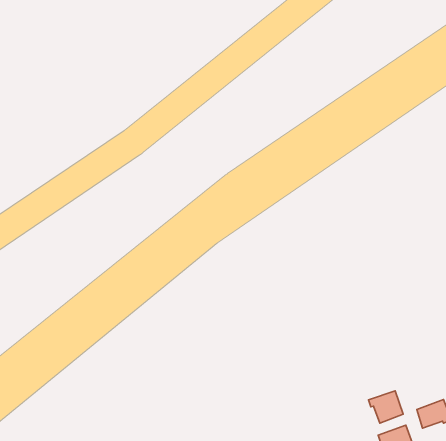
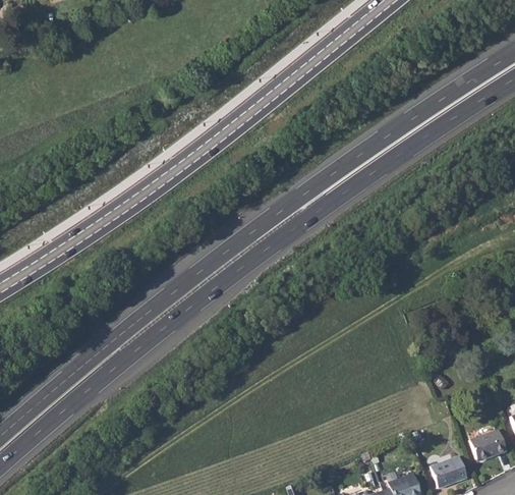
building: [368,391,403,423] -> none

